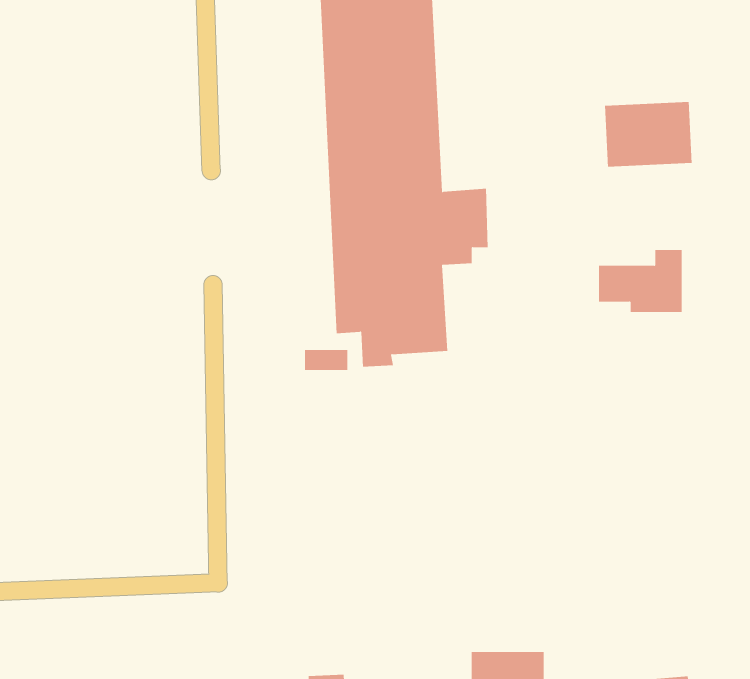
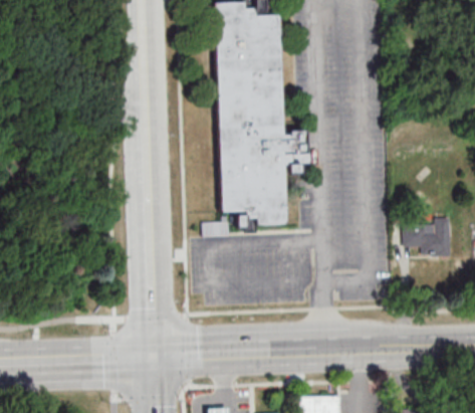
building: [604,101,692,168] -> none
building: [598,249,682,313] -> [405,217,453,253]

